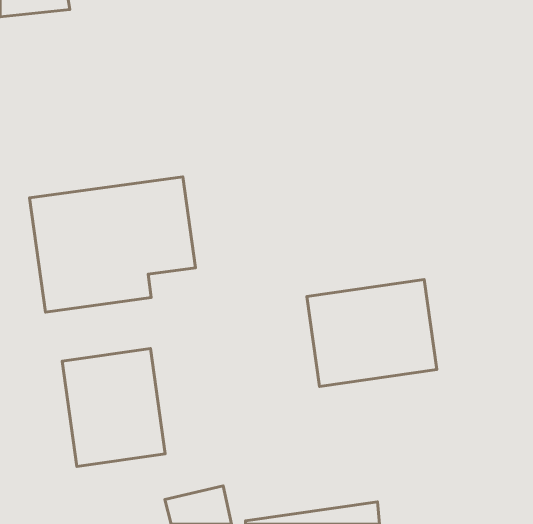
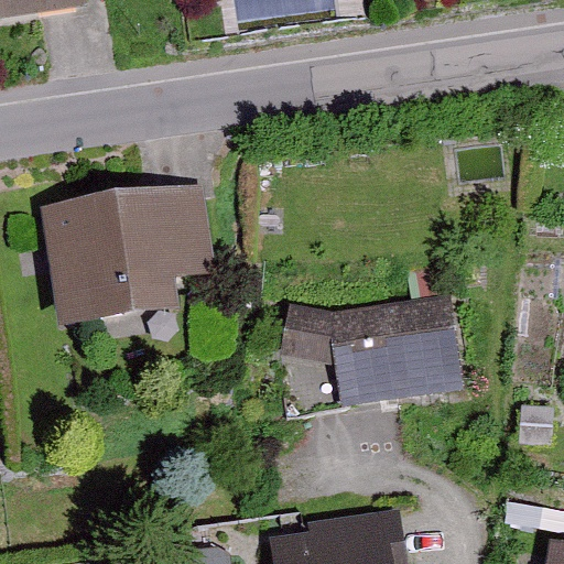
building: [62,349,165,466] -> none

